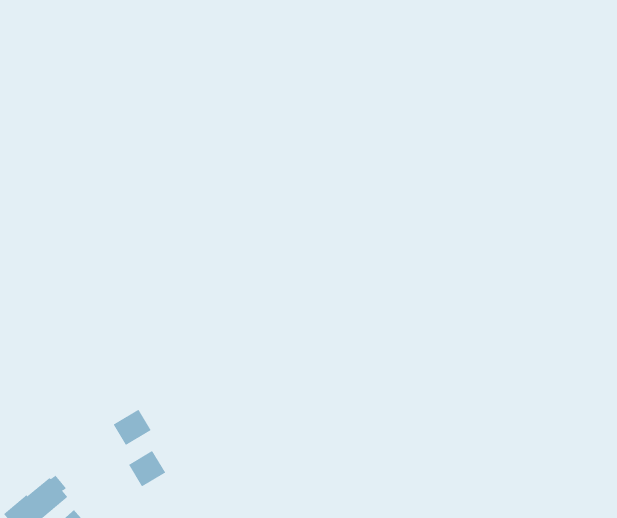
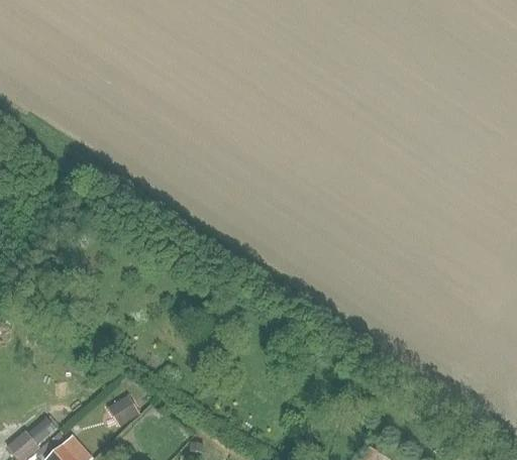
building: [113,409,152,446] -> none

